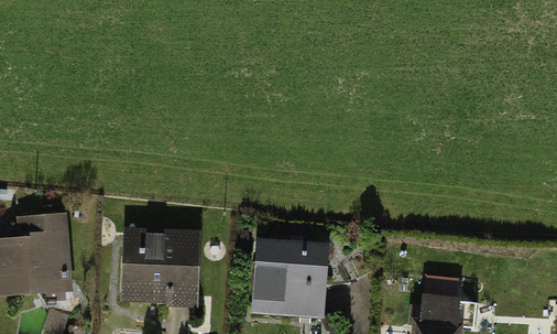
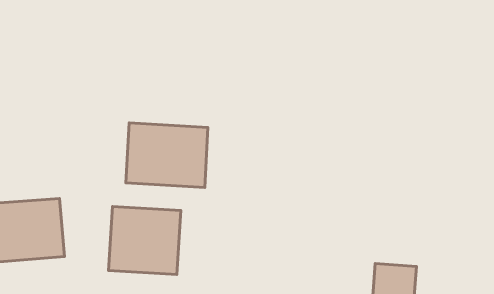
building: none -> [126,123,208,187]
building: [254,243,325,316] -> none

